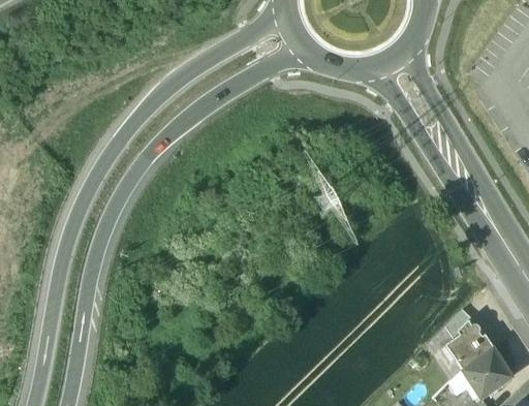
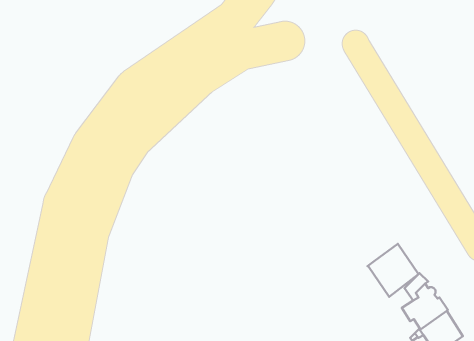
building: none -> [367,244,419,297]

